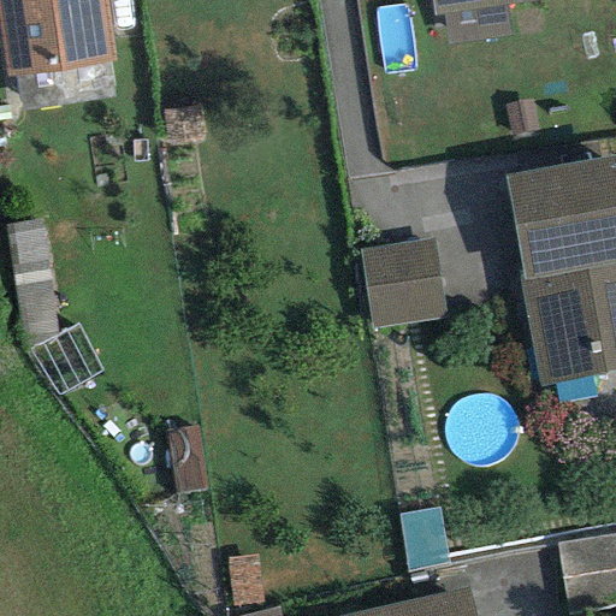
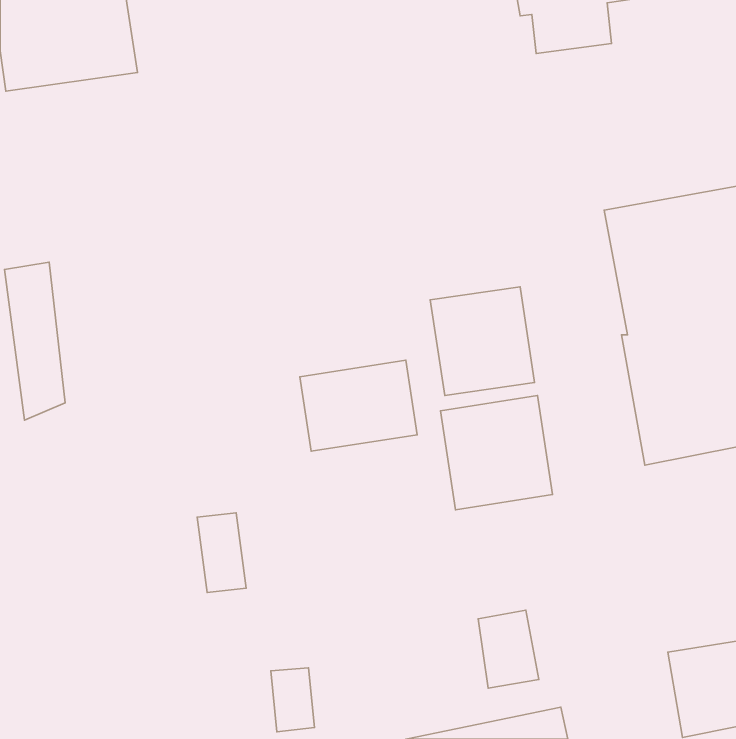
building: none -> [300,360,417,451]
building: none -> [440,396,552,510]

